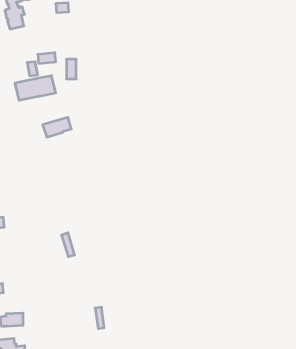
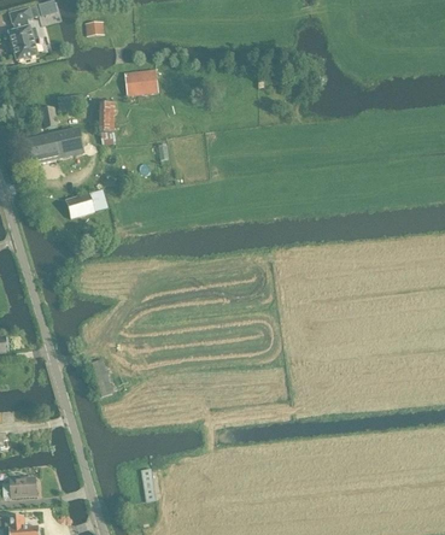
building: none -> [125,70,158,95]

